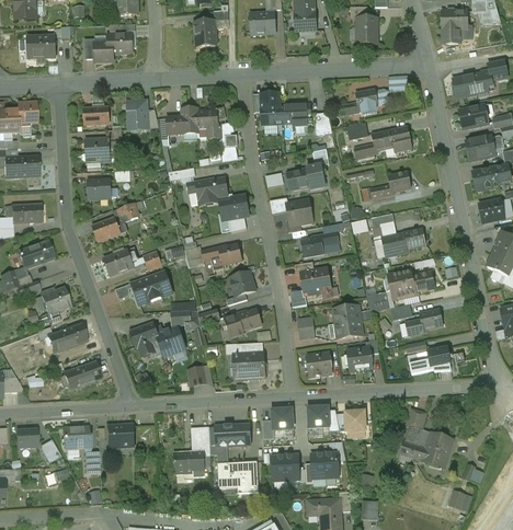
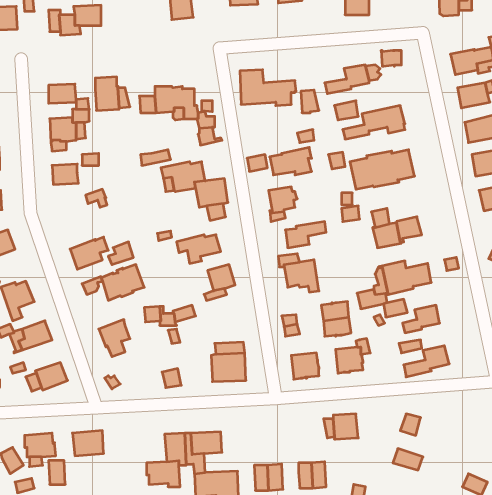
building: [91,217,121,242] -> none
building: [224,309,261,338] -> none
building: [153,325,184,356] -> none
building: [307,405,330,428] -> none
building: [272,406,295,429] -> none
building: [422,434,452,466] -> none

